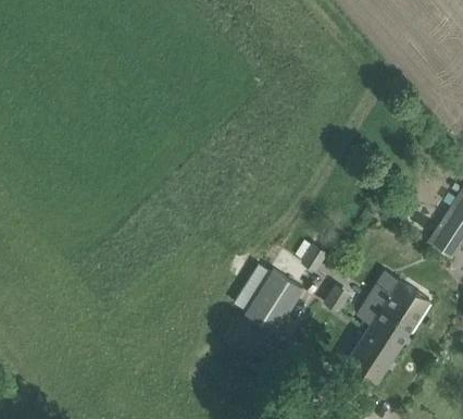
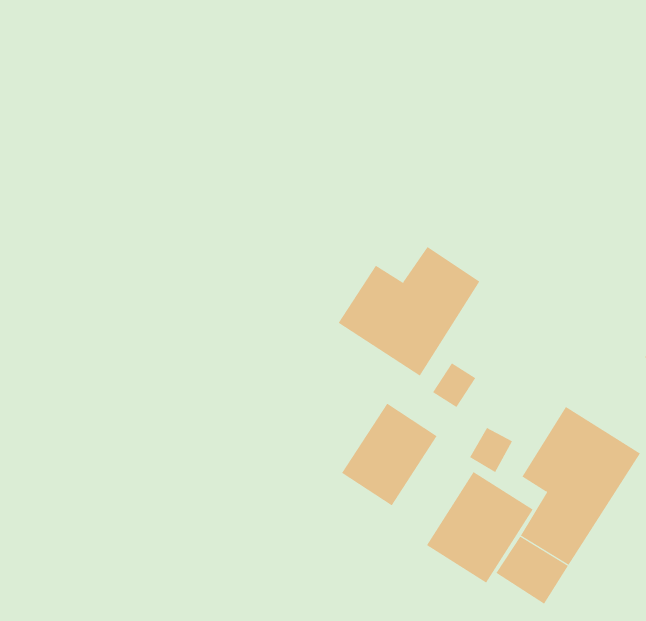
building: none -> [338,246,480,377]
building: none -> [426,471,534,583]

